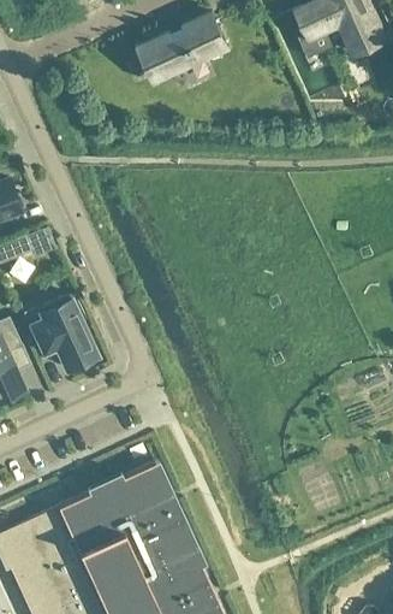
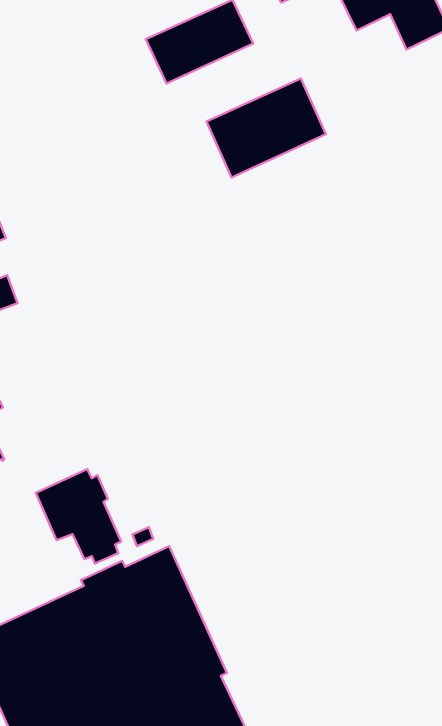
building: none -> [207,78,326,177]
building: [26,295,96,372] -> [36,469,121,564]

